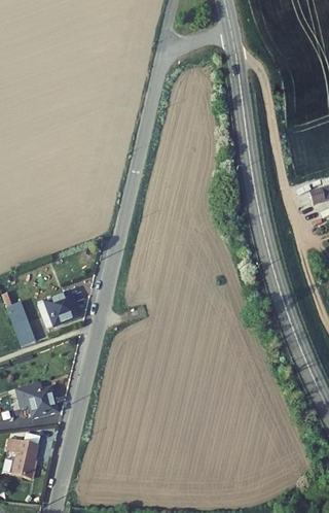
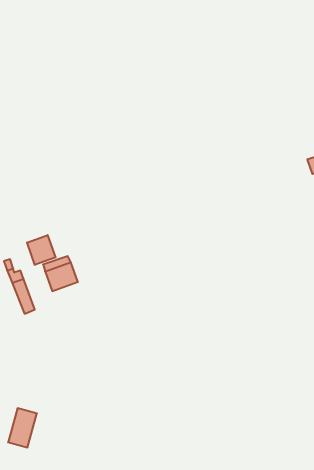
building: none -> [27,235,56,265]
building: [7,385,54,415] -> none

